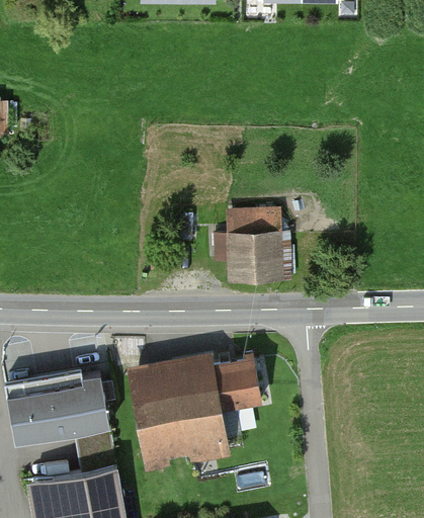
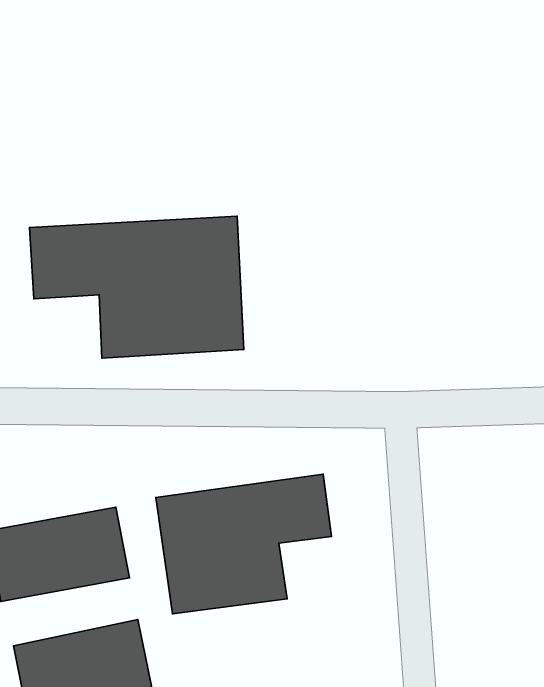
building: none -> [30,216,244,358]
building: [227,208,285,280] -> none

